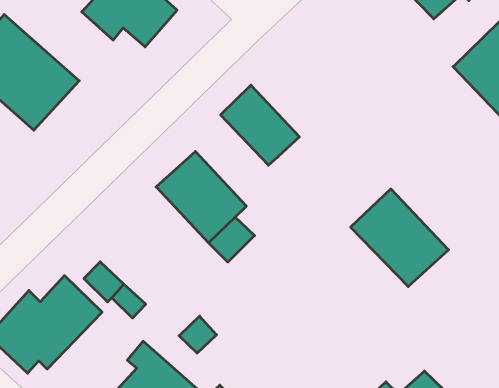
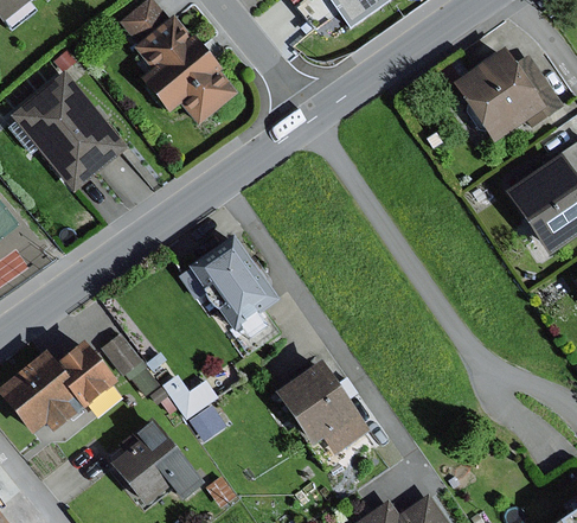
building: [221,85,299,165] -> none
building: [351,189,449,287] -> [275,361,370,461]
building: none -> [162,375,219,419]

